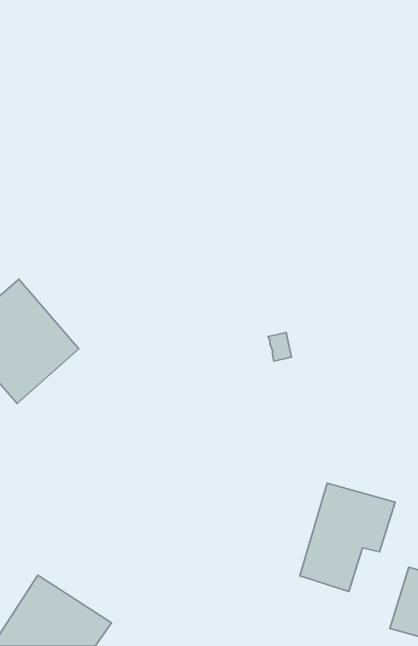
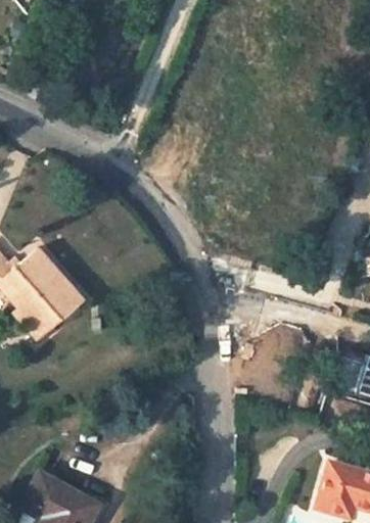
building: [300,483,395,591] -> none

